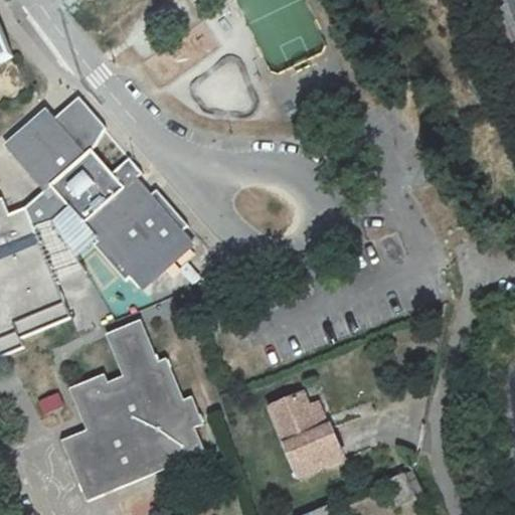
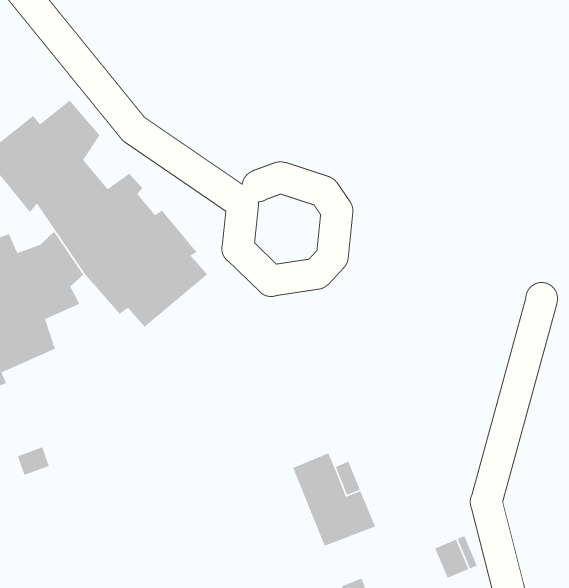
building: [63,318,206,497] -> none

